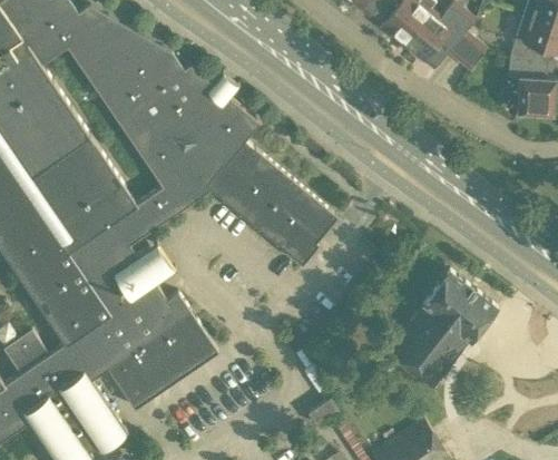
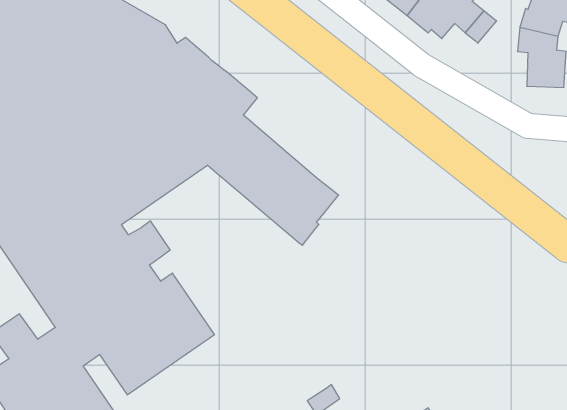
building: [386,270,497,386] -> none

